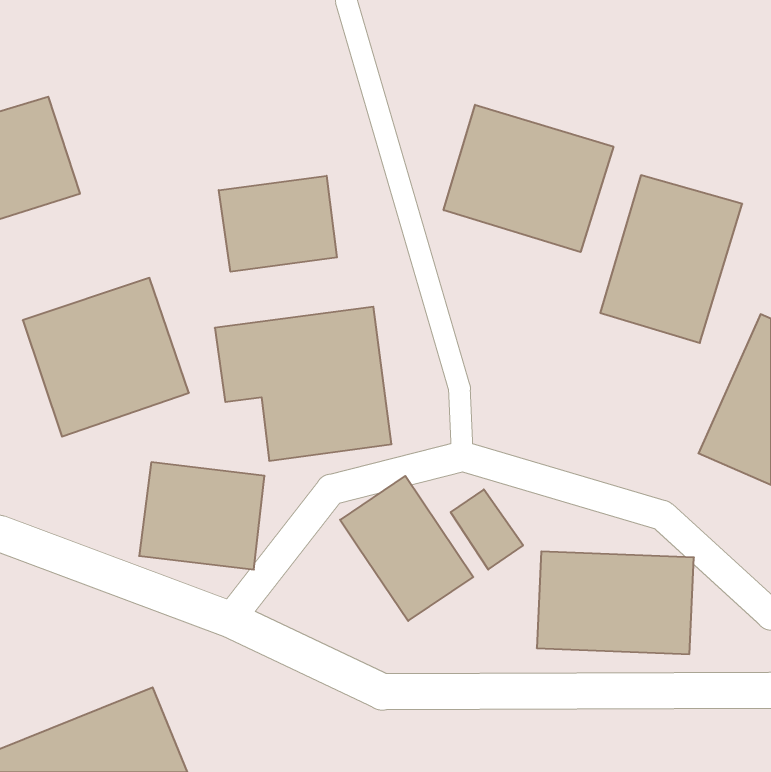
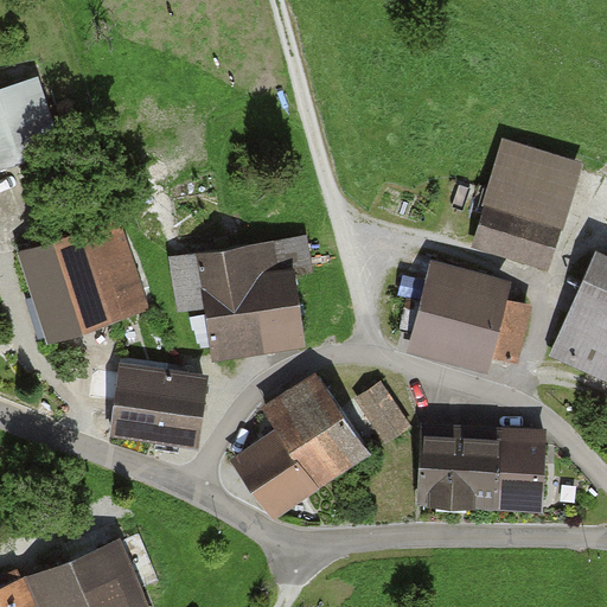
building: [444,105,613,252] -> none
building: [219,176,337,272] -> none
building: none -> [405,261,523,372]
building: none -> [235,429,320,517]

